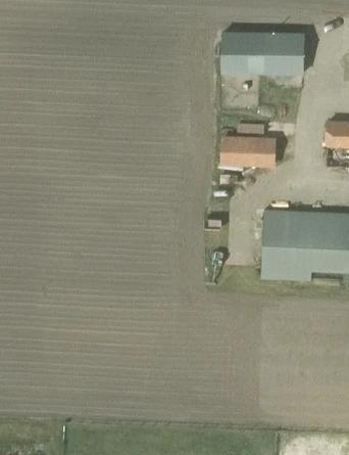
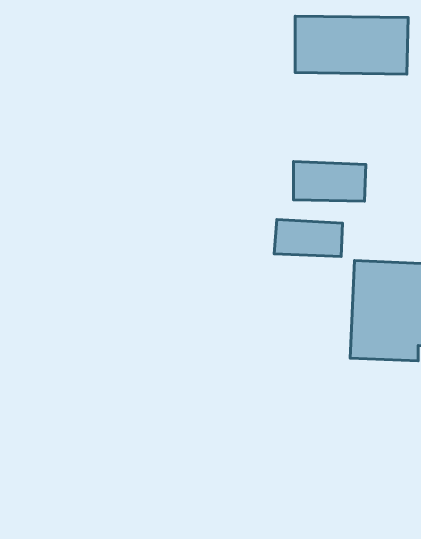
building: none -> [274,220,342,256]

